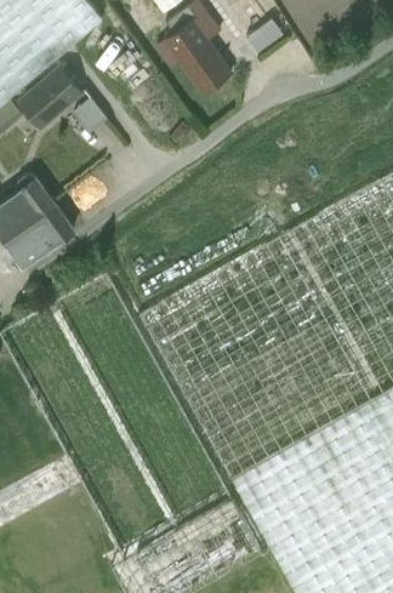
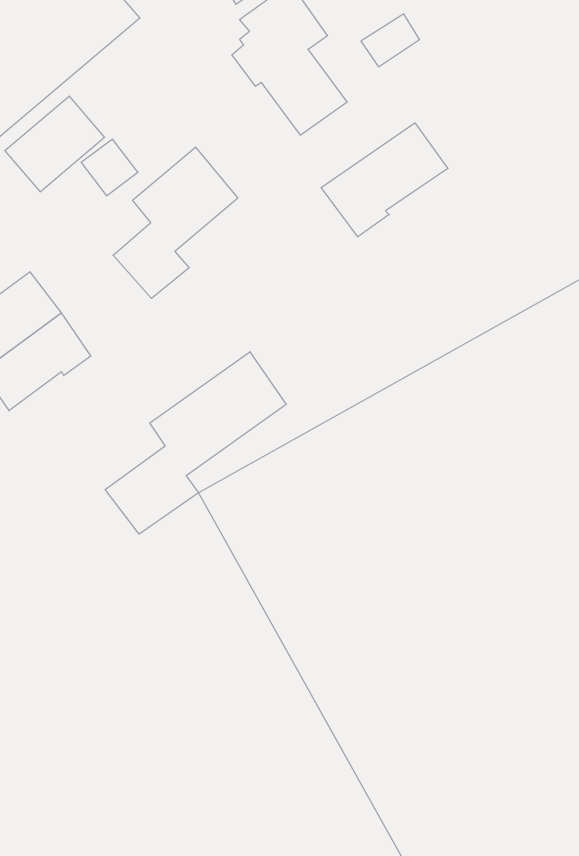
building: none -> [321,123,448,237]
building: none -> [113,147,238,298]
building: none -> [105,352,286,534]

